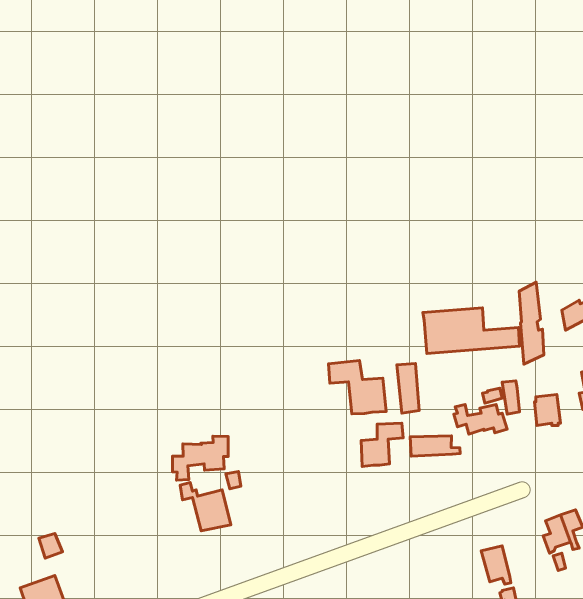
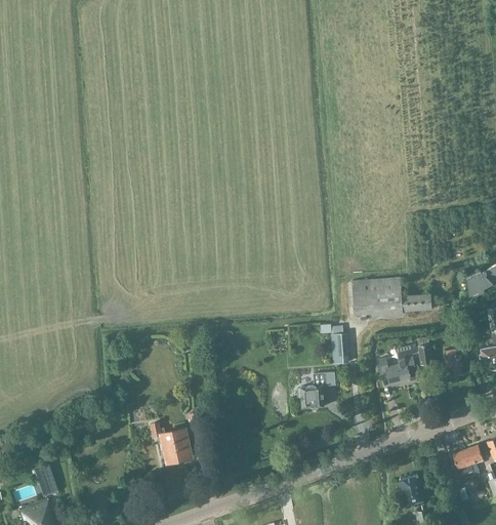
building: [519,282,544,364] -> none
building: [329,361,386,414] -> none
building: [410,436,460,456] -> none
building: [173,436,228,480] -> none

